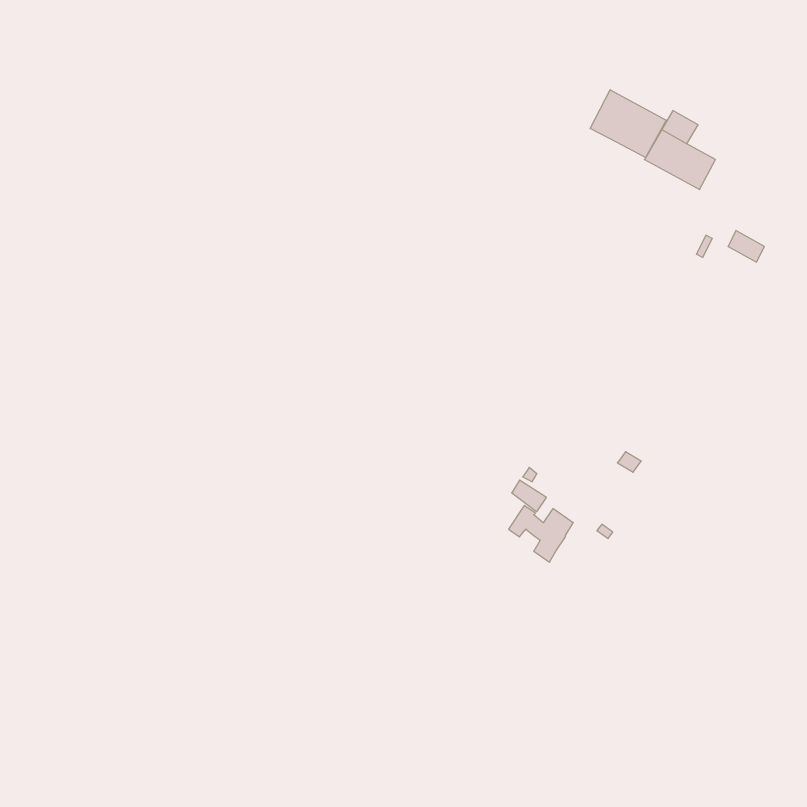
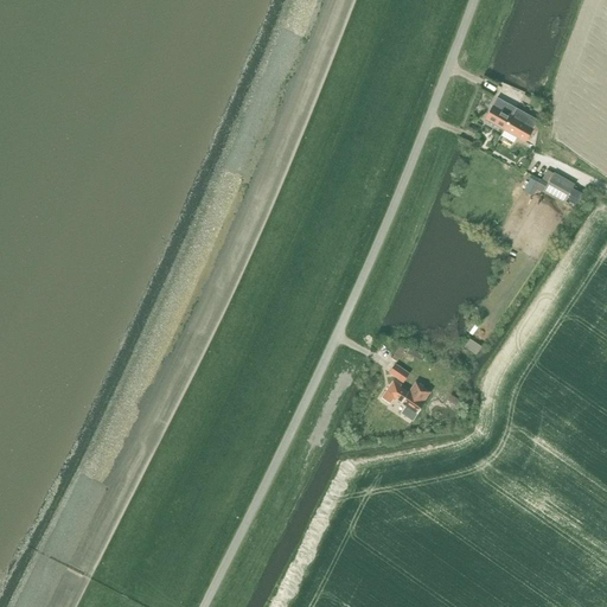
building: [590,90,666,157] -> none

